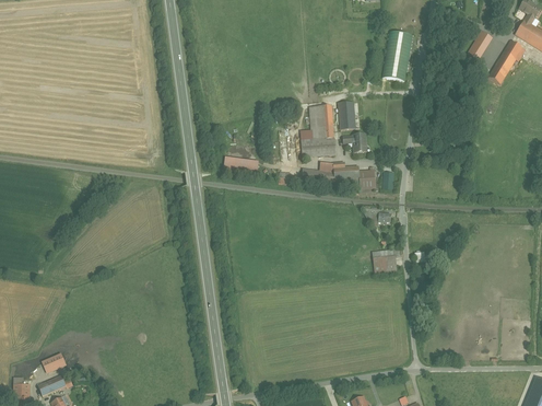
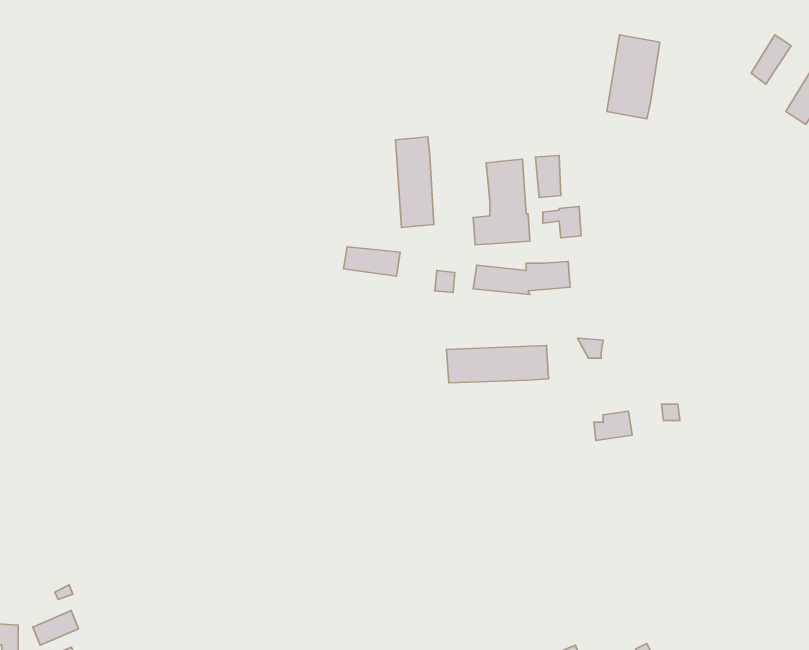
building: none -> [396,137,434,227]
building: none -> [447,346,549,383]

